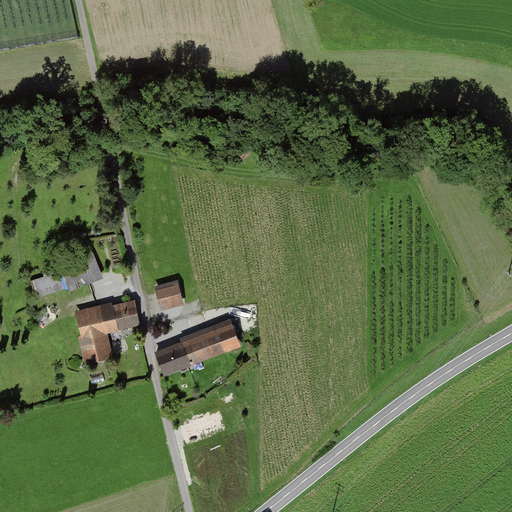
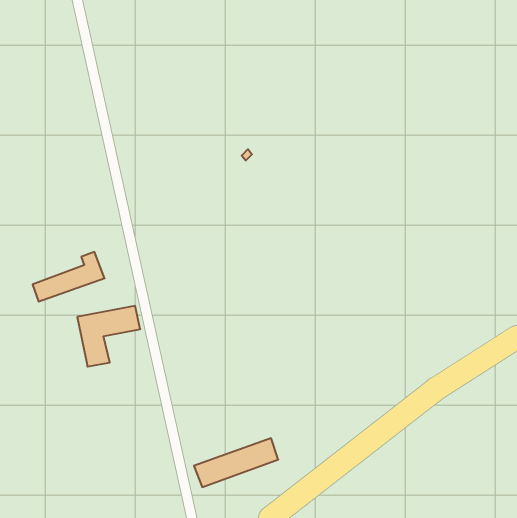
building: [156,282,180,307] -> none
building: [155,324,238,372] -> [194,438,278,487]

